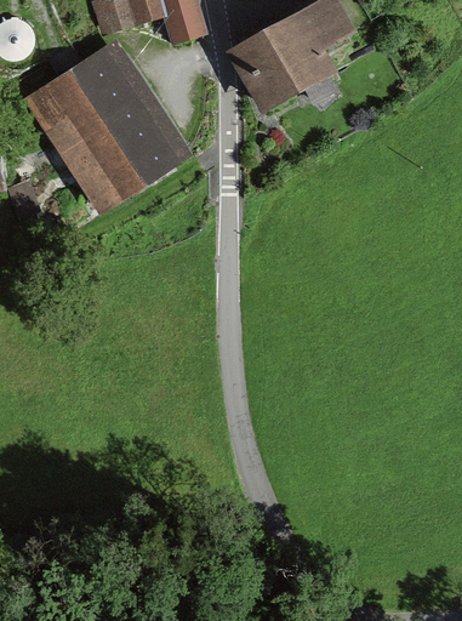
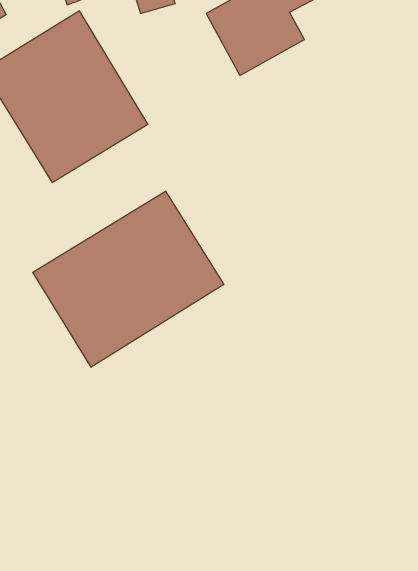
building: none -> [33,191,224,367]

